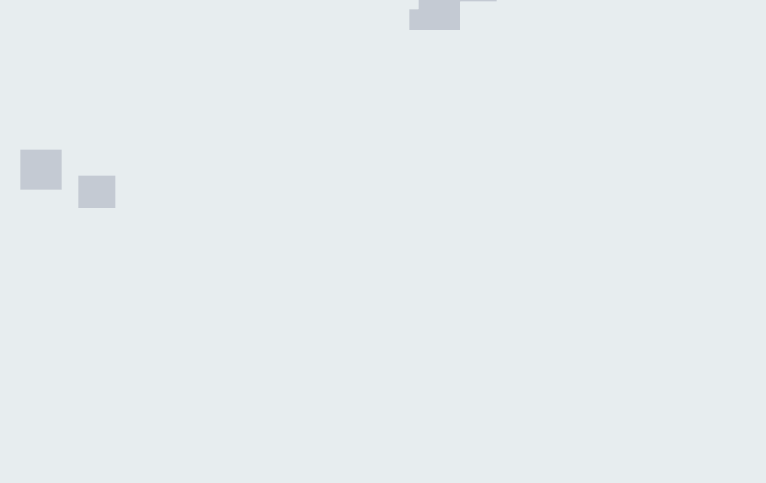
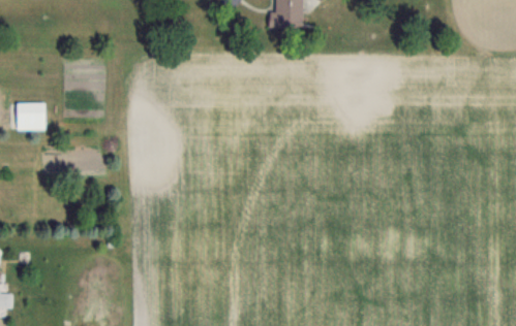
building: [77,175,116,209] -> none

